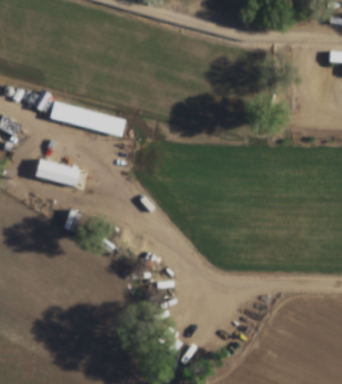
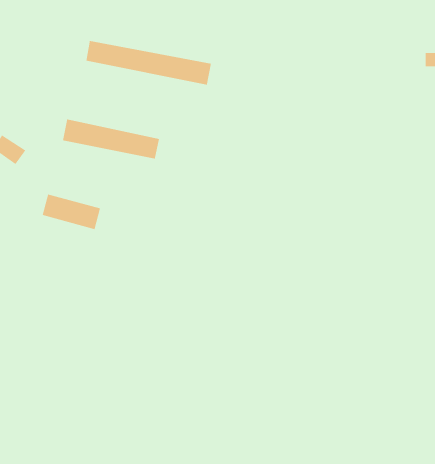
building: none -> [86,40,212,86]

